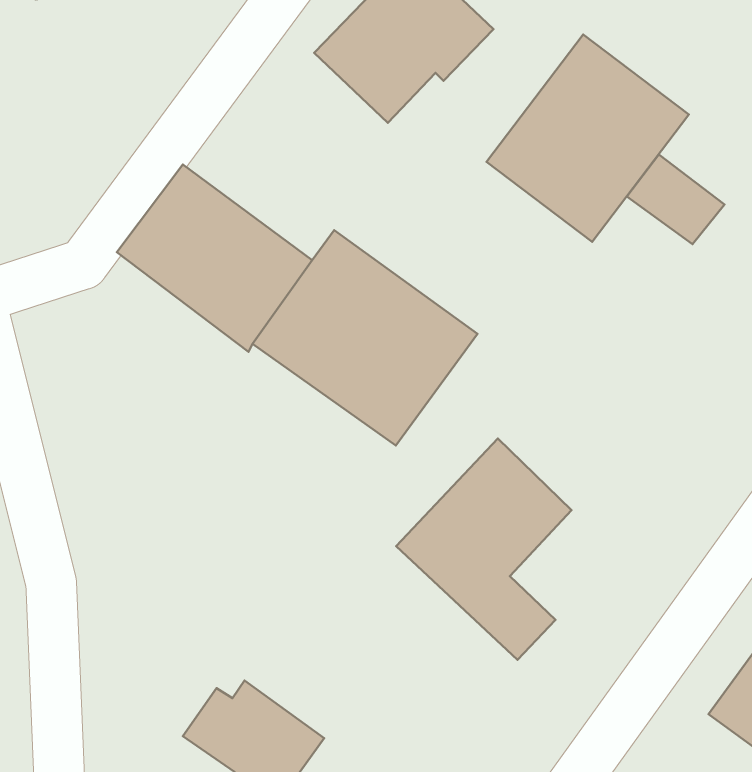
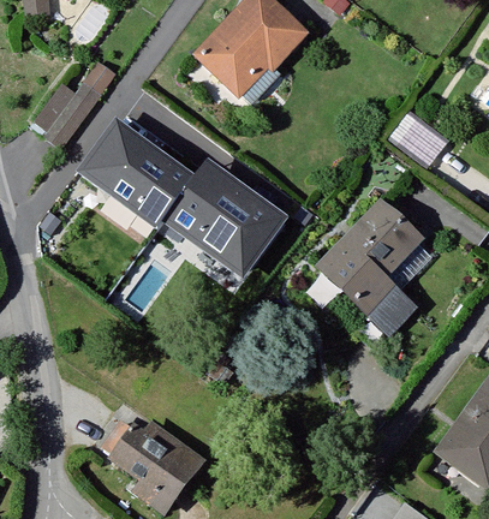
building: [487,34,689,242] -> none
building: none -> [34,65,114,150]
building: [396,439,571,660] -> [316,197,422,330]

